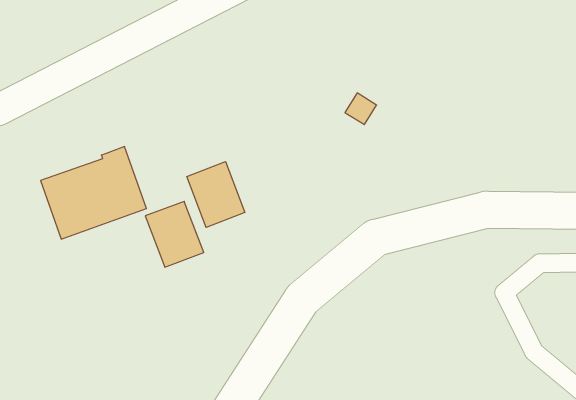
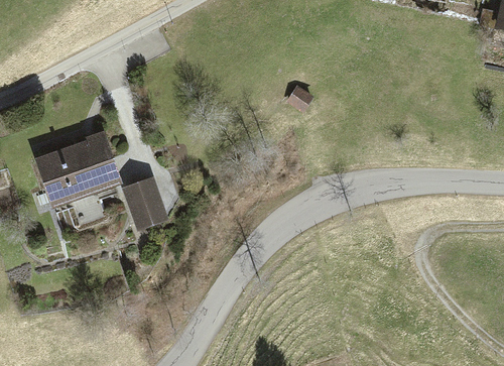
building: [187,162,245,227] -> none

